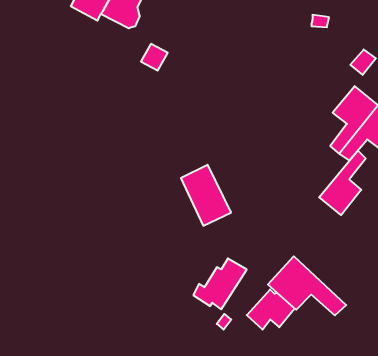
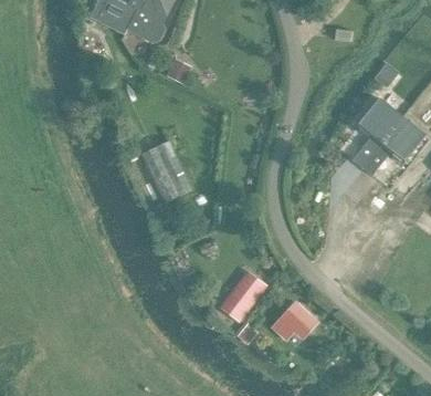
building: [319,151,366,215] -> none
building: [181,165,231,226] -> [143,138,192,199]
building: [268,256,346,315] -> none

